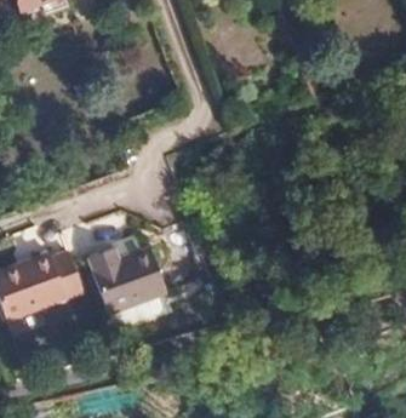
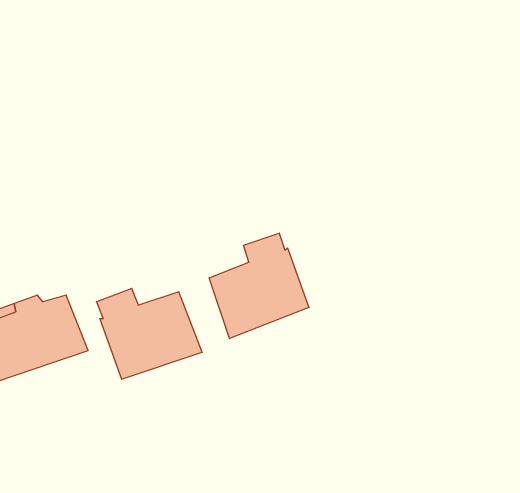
building: none -> [209,233,309,339]

